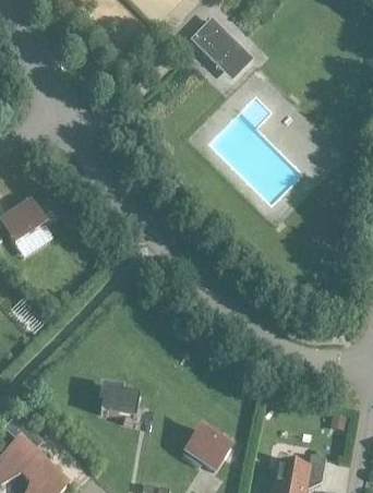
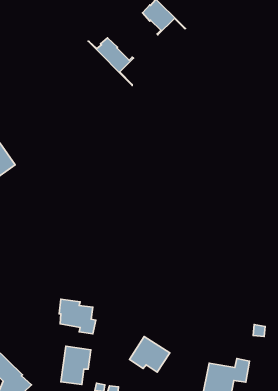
building: none -> [88,38,133,85]
building: none -> [61,346,91,384]

